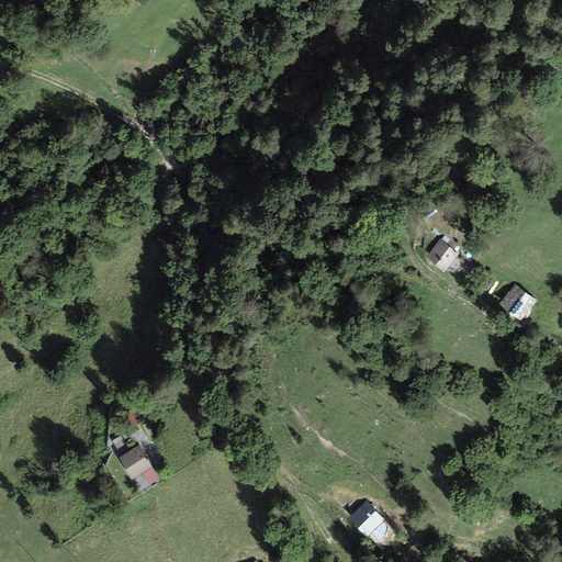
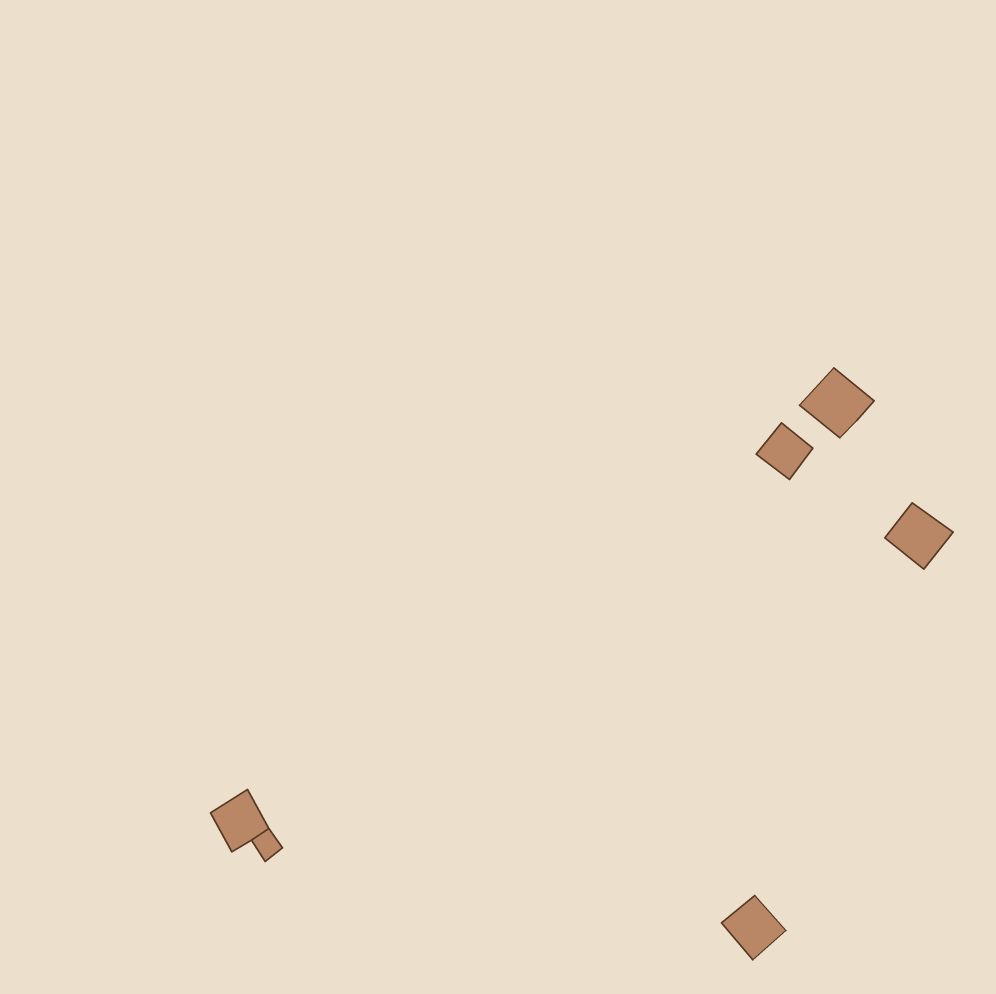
building: none -> [799,368,874,438]
building: [348,501,384,537] -> [722,895,786,960]

